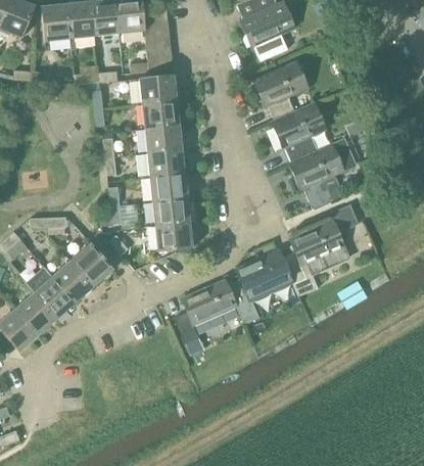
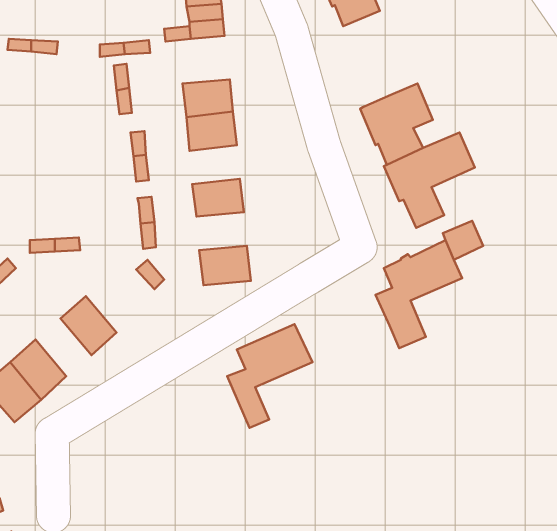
building: [253,62,308,122] -> none
building: [139,76,177,104] -> none
building: [147,149,184,178] -> none
building: [152,198,189,226] -> none
building: [72,242,113,286] -> none
building: [224,252,293,325] -> none
building: [28,268,76,318] -> none

